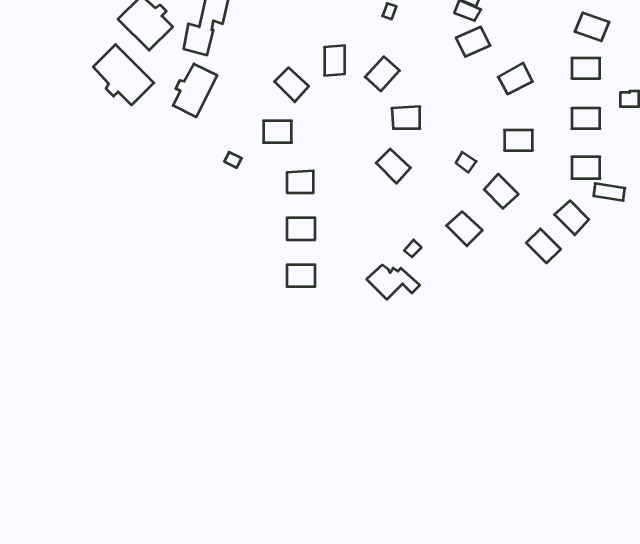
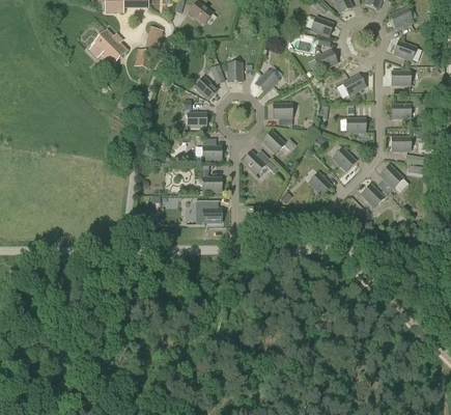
building: [93,44,154,105] -> none
building: [173,64,217,117] -> none
building: [367,265,420,299] -> [241,151,276,174]

